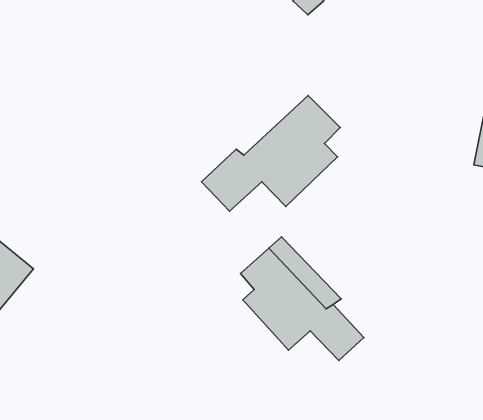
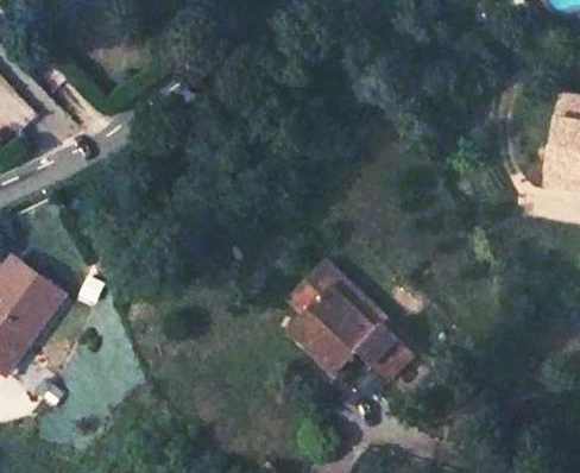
building: [202,95,340,211] -> none

